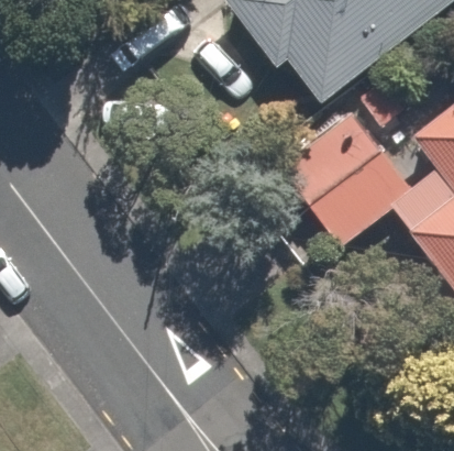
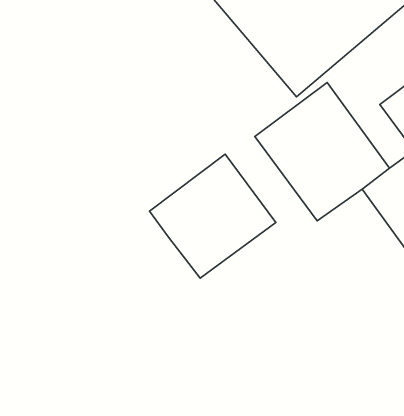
building: none -> [150,154,276,278]

